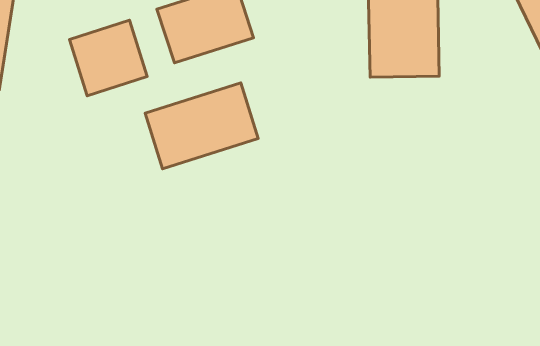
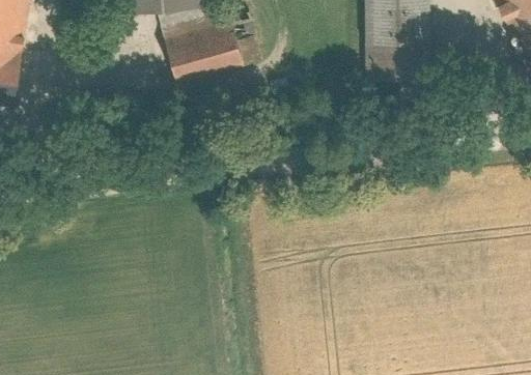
building: [69,20,147,96] -> none
building: [145,83,258,169] -> none

